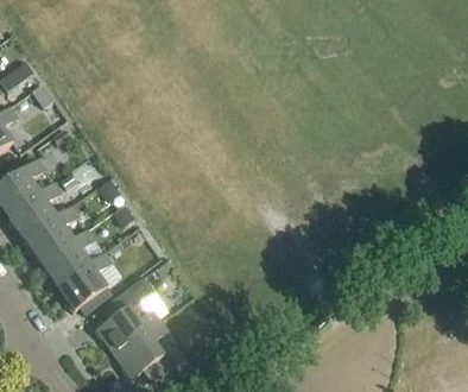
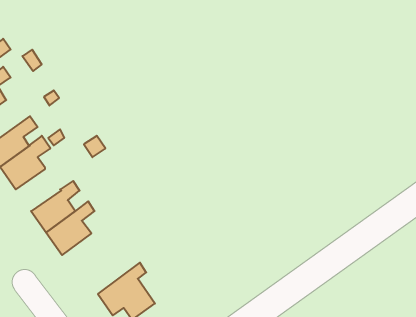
building: [24,204,78,261] -> none
building: [96,278,160,353] -> none

